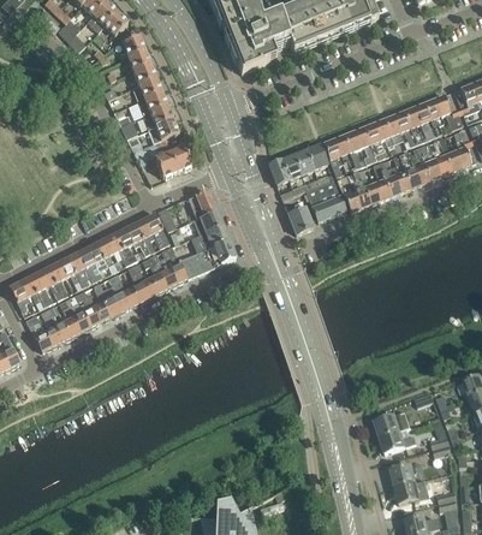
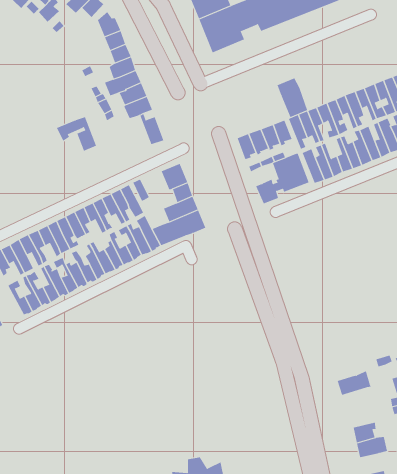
building: none -> [277,78,308,118]
building: [133,139,177,177] -> [56,116,97,152]
building: [379,428,416,453] -> none

